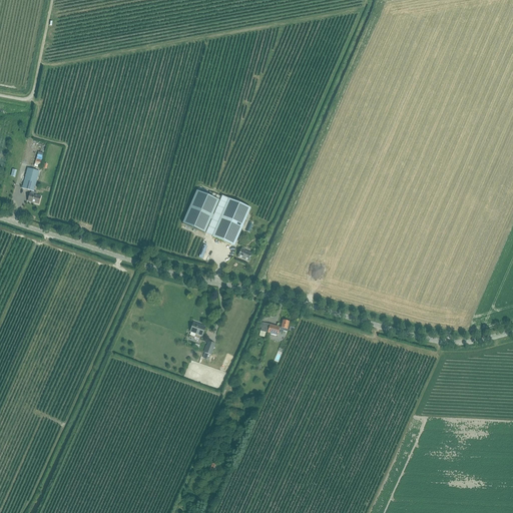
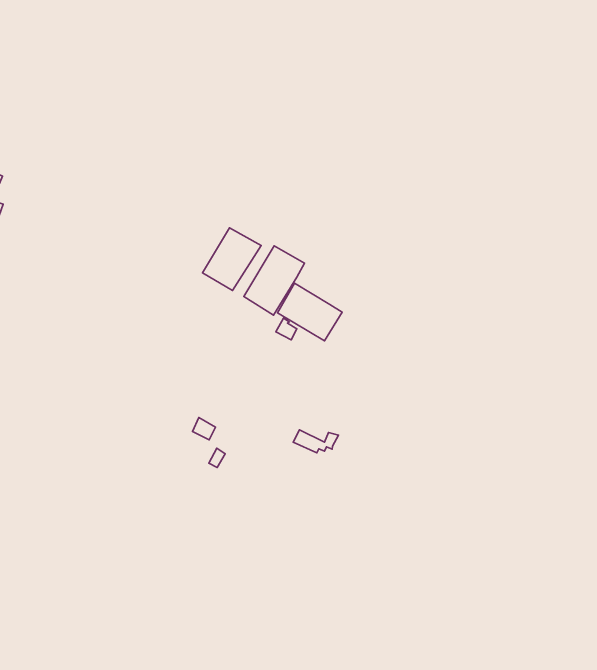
building: none -> [277,283,342,341]

